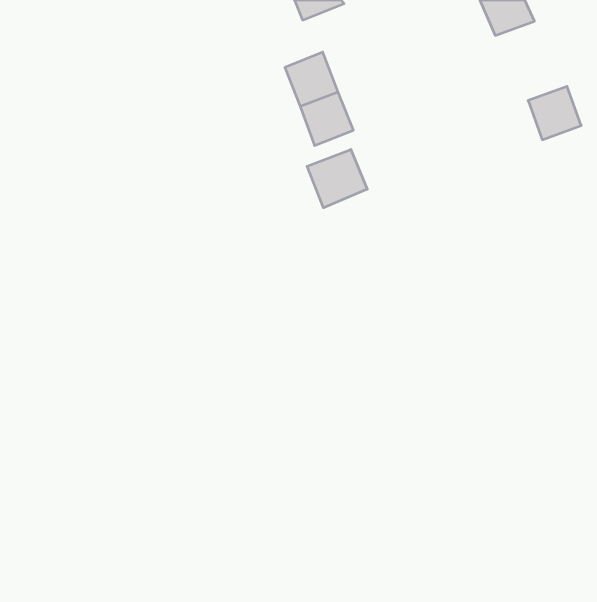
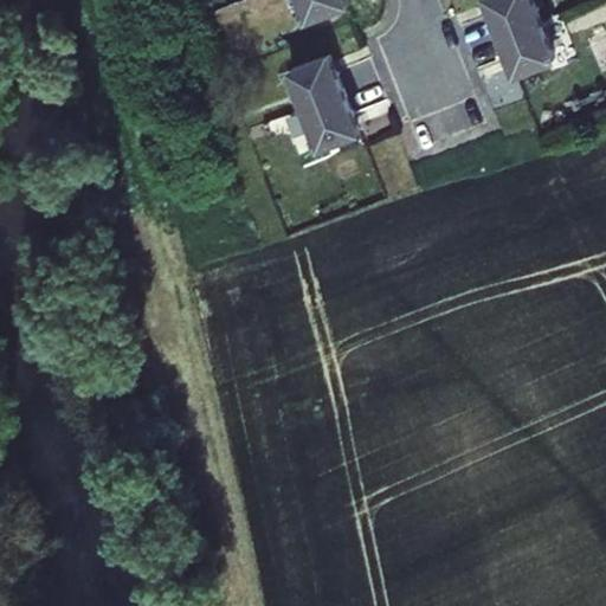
building: [528,86,581,140] -> [496,24,549,77]
building: [307,149,367,208] -> none

